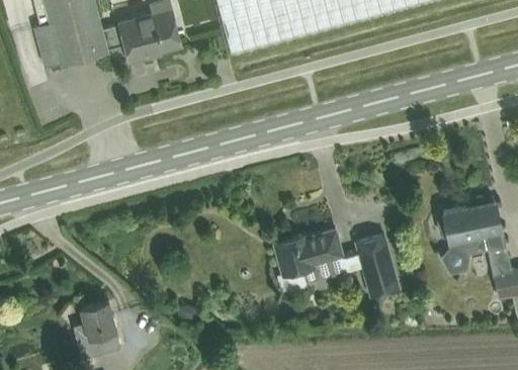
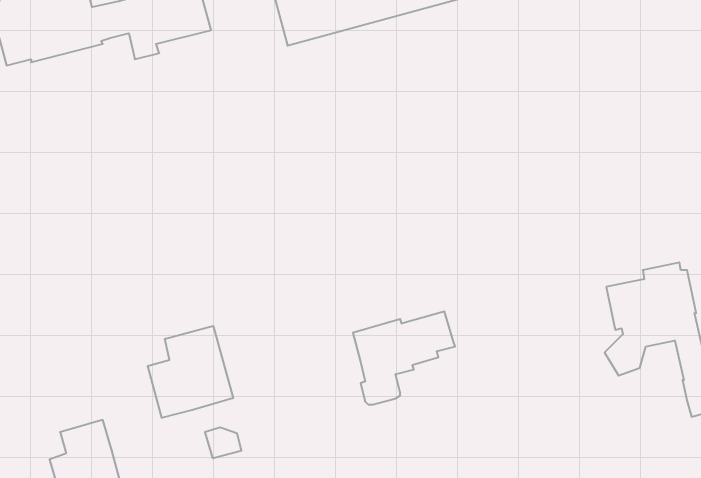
building: [356,233,399,294] -> none
building: none -> [148,326,233,418]

